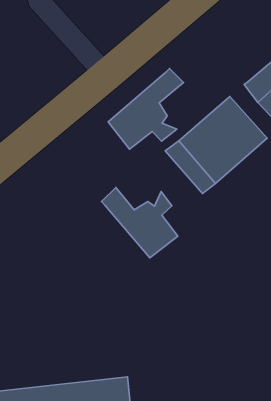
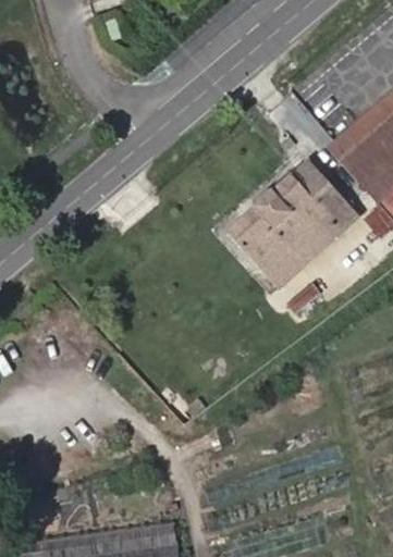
building: [108,69,184,149] -> none
building: [102,187,178,258] -> none

